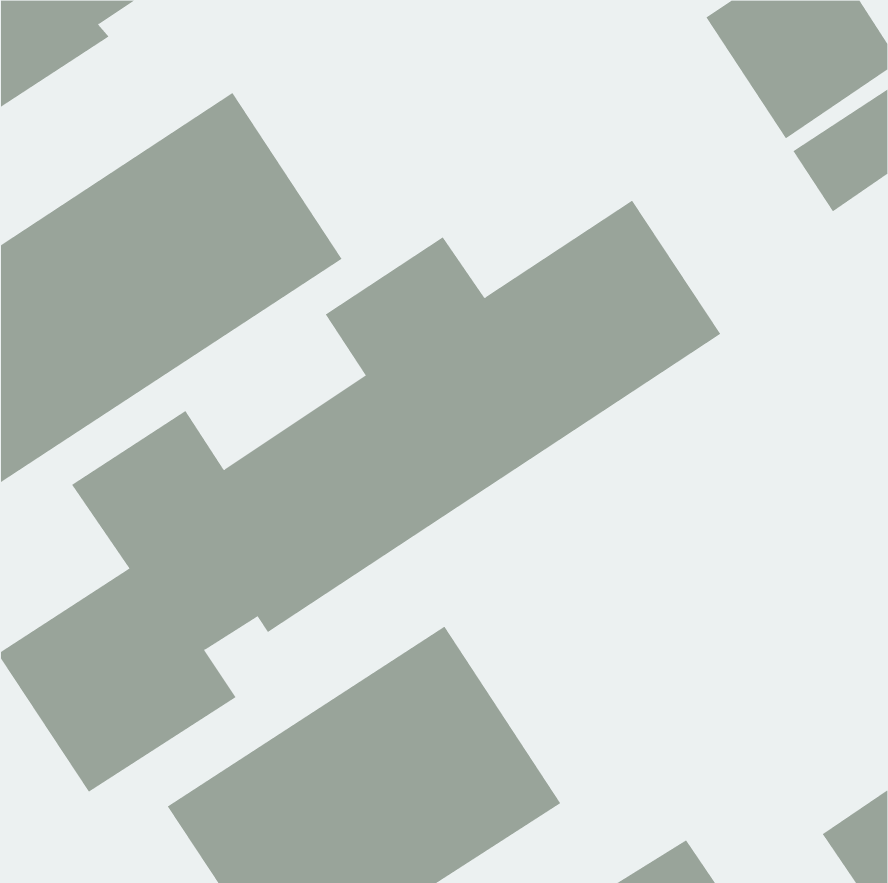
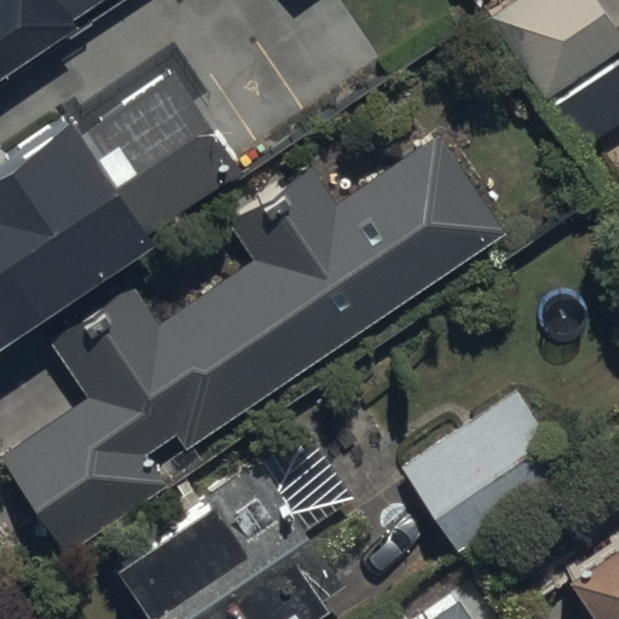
building: none -> [399,389,574,555]

